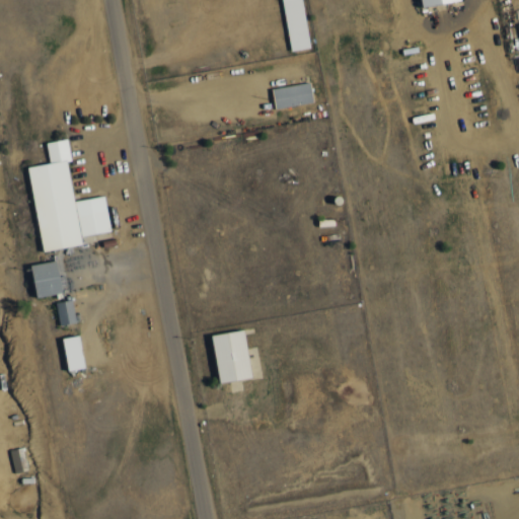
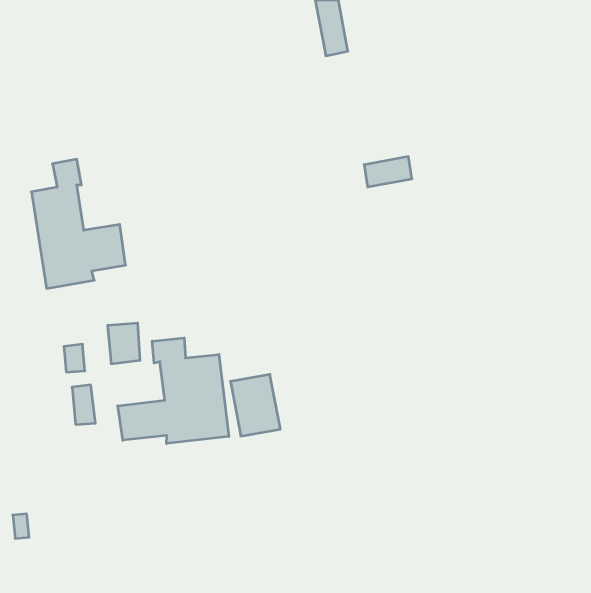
building: [268,80,309,106] -> [364,157,412,187]
building: [34,263,63,298] -> [108,323,140,364]
building: none -> [118,338,229,444]

